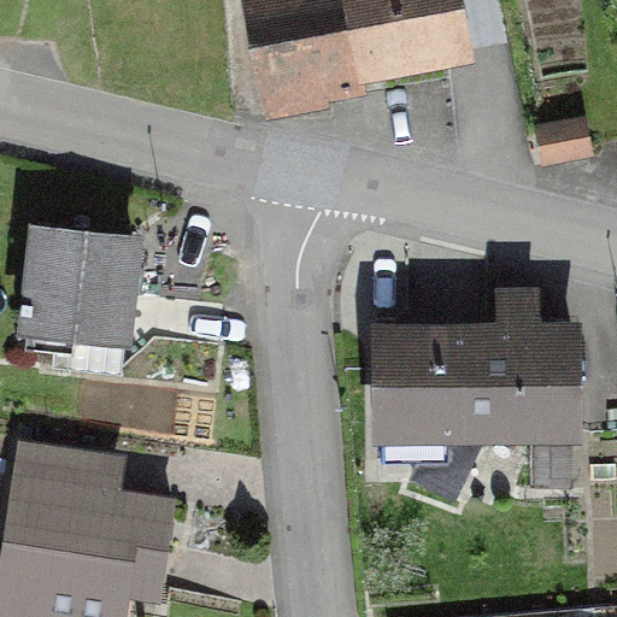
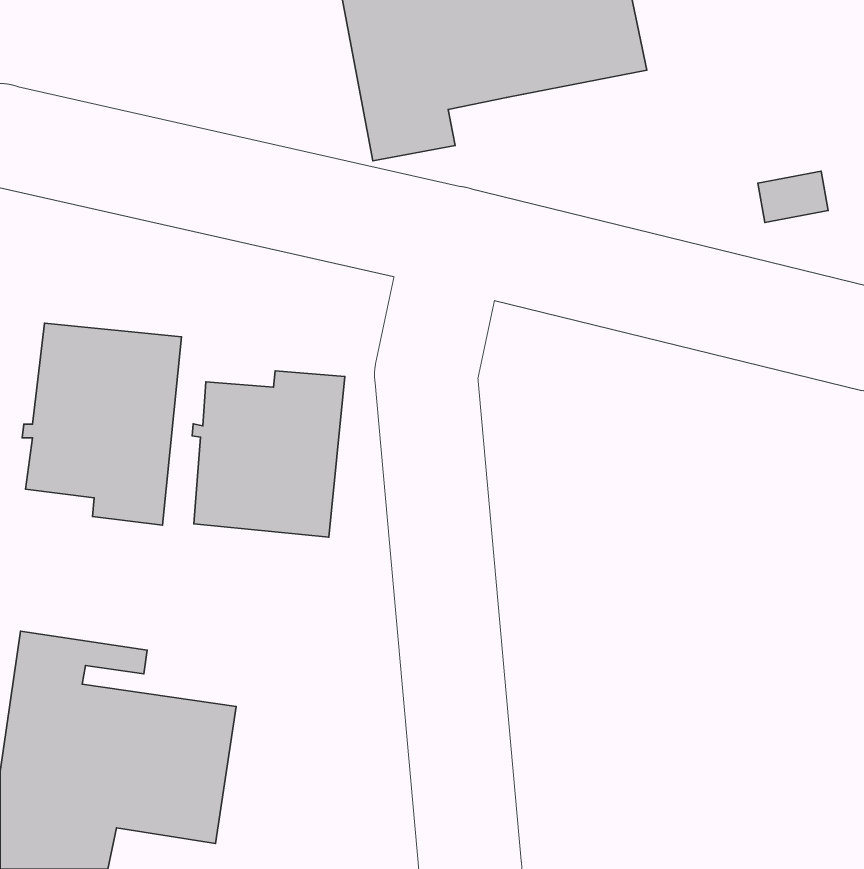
building: none -> [192,371,345,537]
building: [382,295,575,494] -> none

